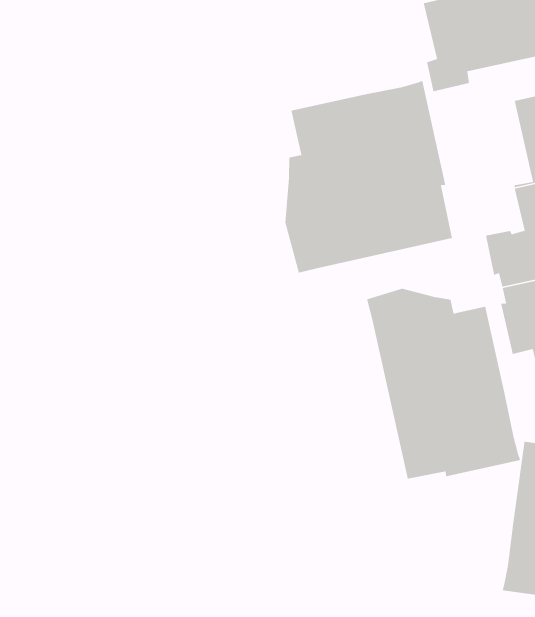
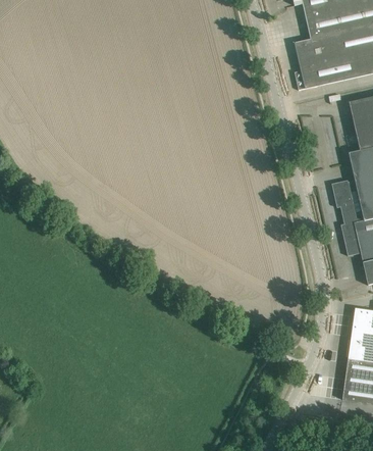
building: [284,80,453,274] -> none
building: [366,288,521,480] -> none

